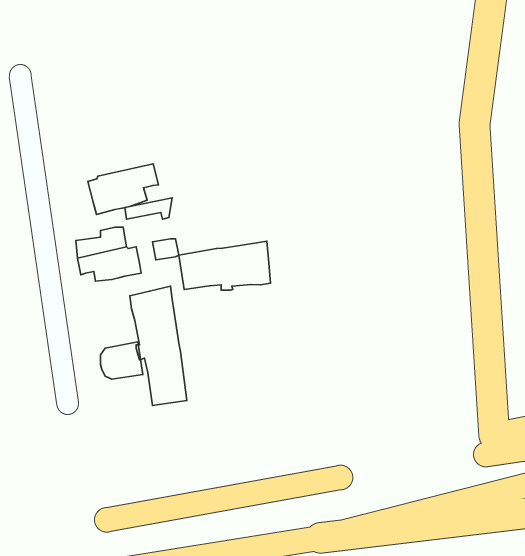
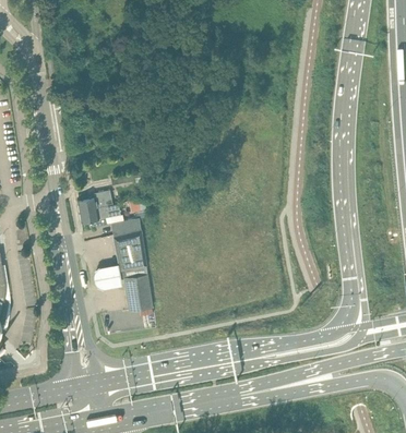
building: [88,164,159,214] -> none
building: [179,241,270,290] -> none

